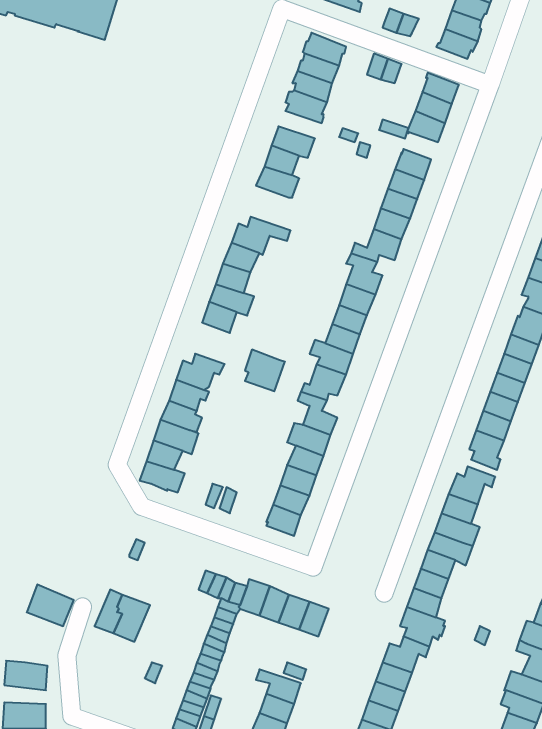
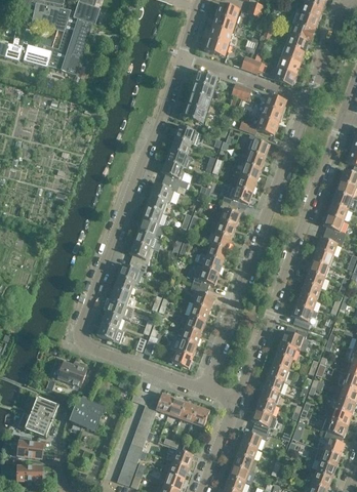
building: none -> [162,160,189,187]
building: [245,350,285,391] -> [130,241,154,265]
building: none -> [57,360,88,385]
building: none -> [25,412,52,437]

